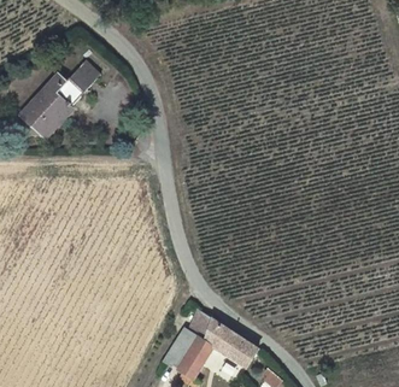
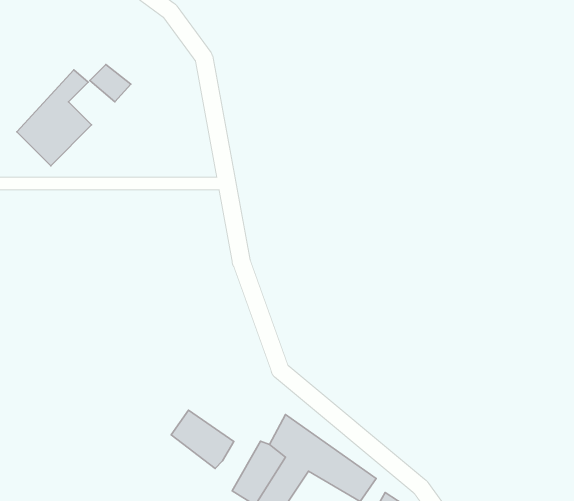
building: none -> [171,410,234,468]

